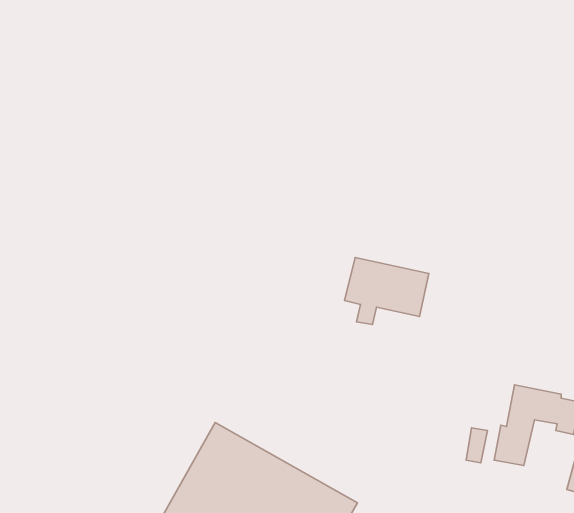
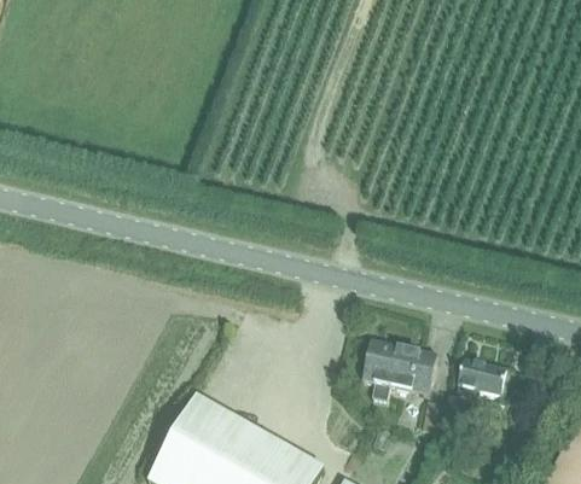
building: [344,257,429,325] -> [361,337,437,397]

